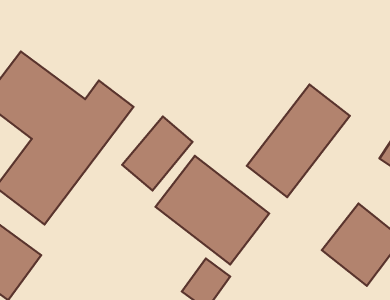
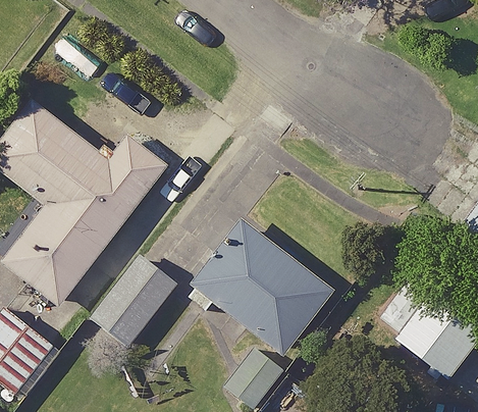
building: [247,85,350,197] -> none
building: [122,117,193,190] -> [91,259,175,348]

